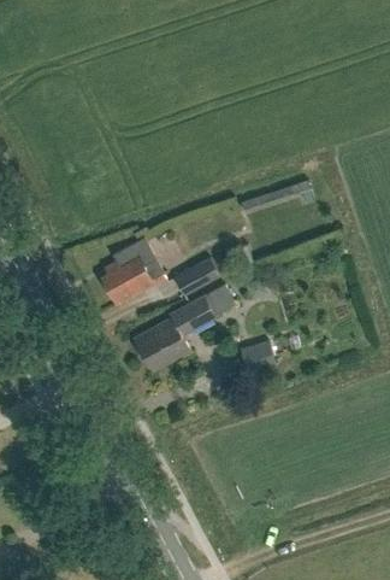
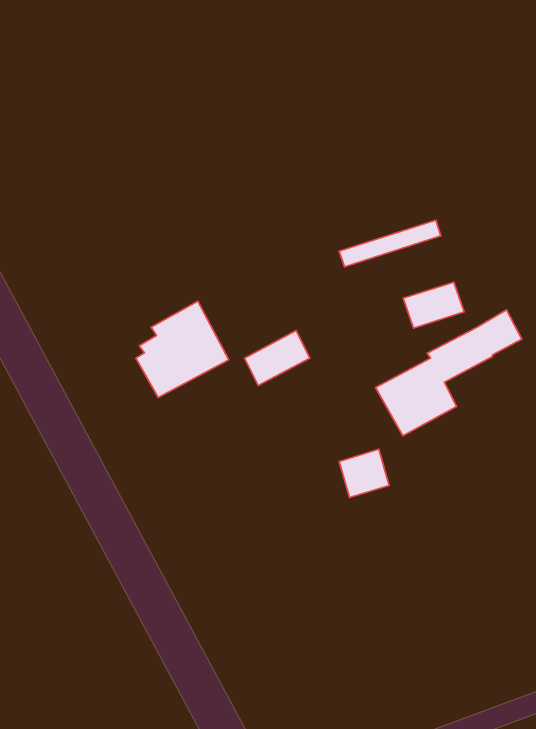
building: none -> [403,282,464,328]
building: [132,285,235,373] -> [375,310,522,436]

